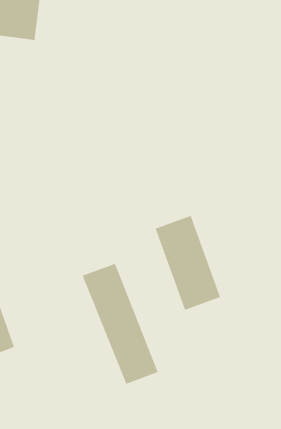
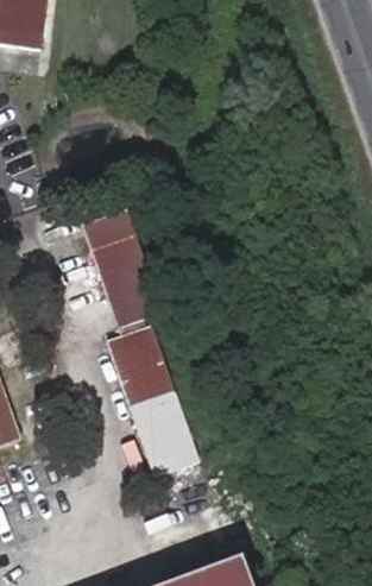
building: [155,215,221,311] -> [78,210,160,329]

